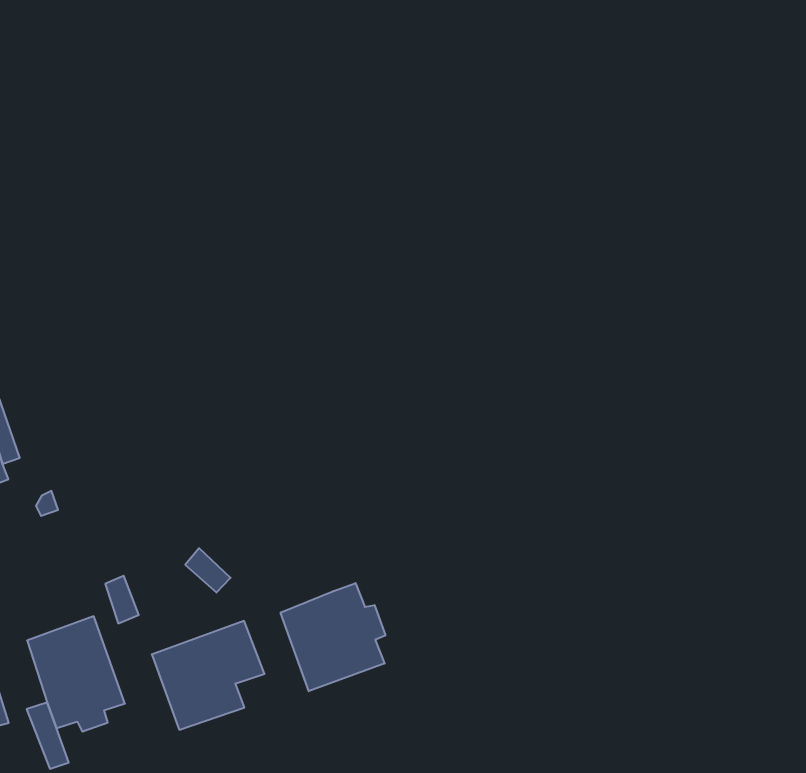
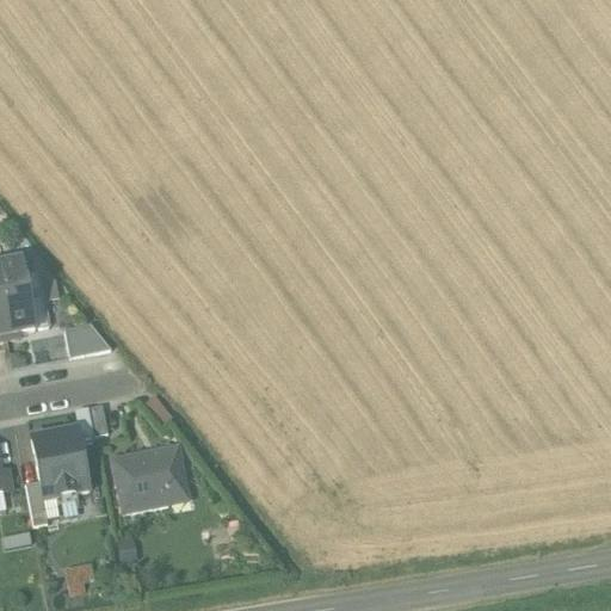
building: none -> [63,322,110,356]
building: [281,583,385,691] -> none

